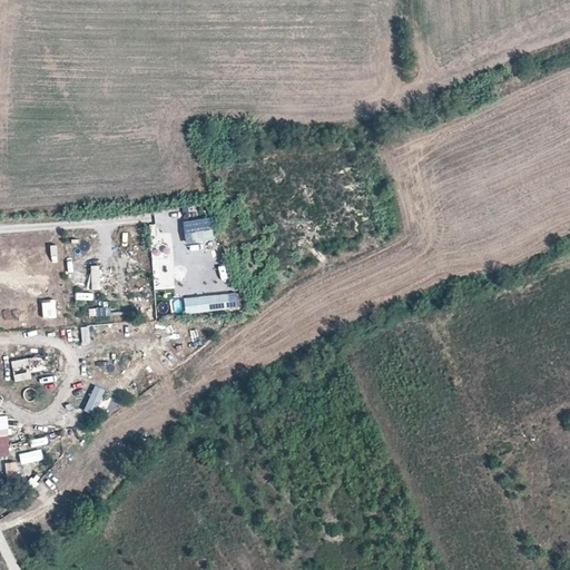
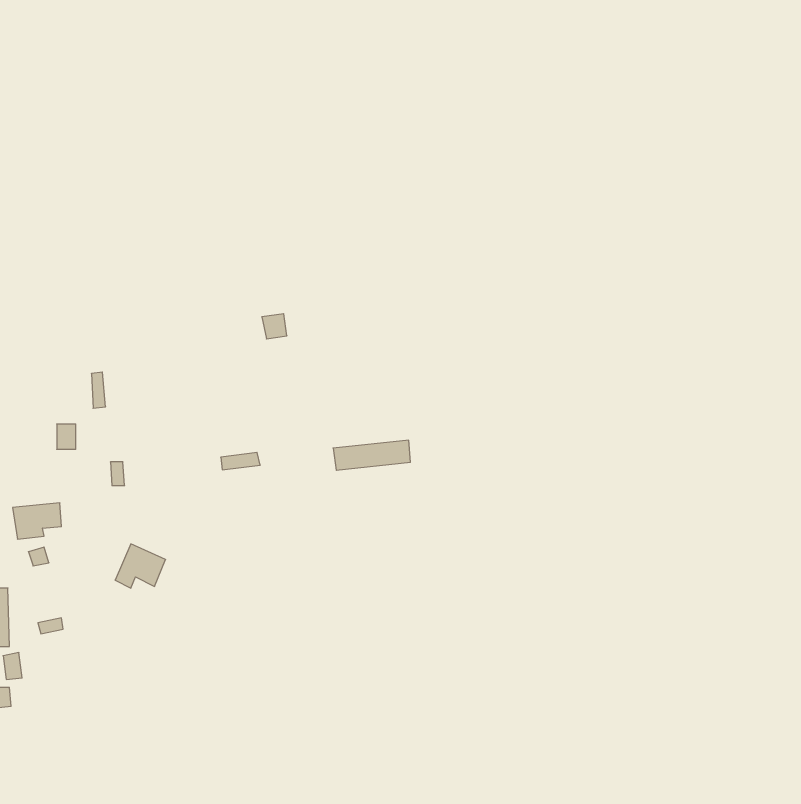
building: [183,293,237,314] -> [333,440,410,470]

